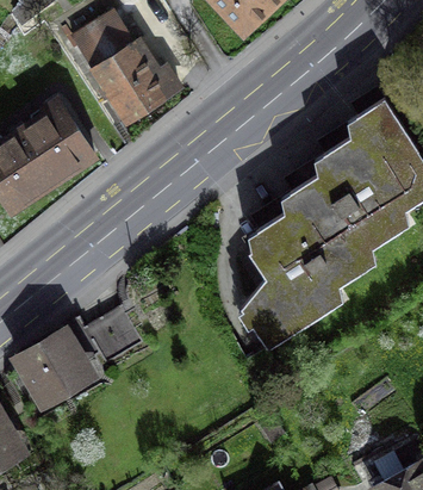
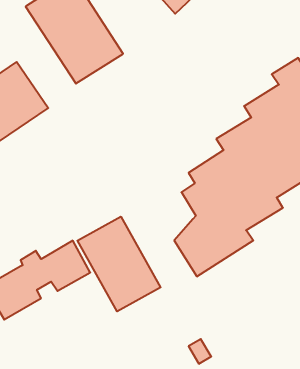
building: none -> [77,217,161,311]

